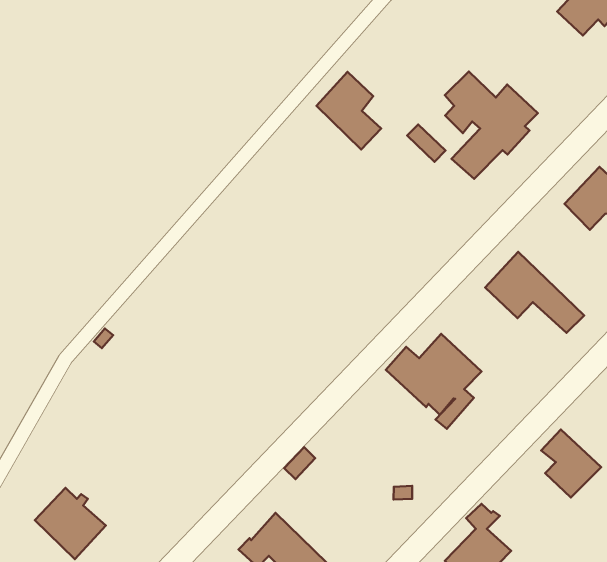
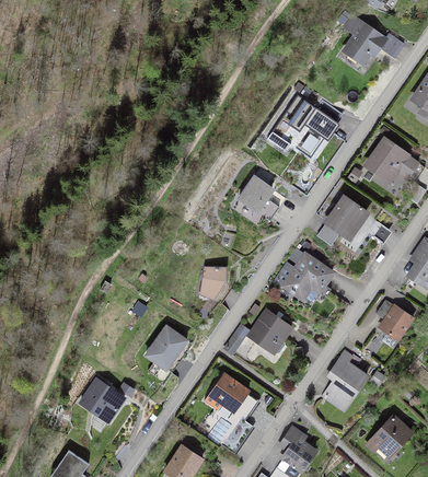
building: [316,72,381,149] -> [238,176,278,221]
building: none -> [198,266,227,301]
building: none -> [247,310,290,353]
building: none -> [144,326,189,372]

